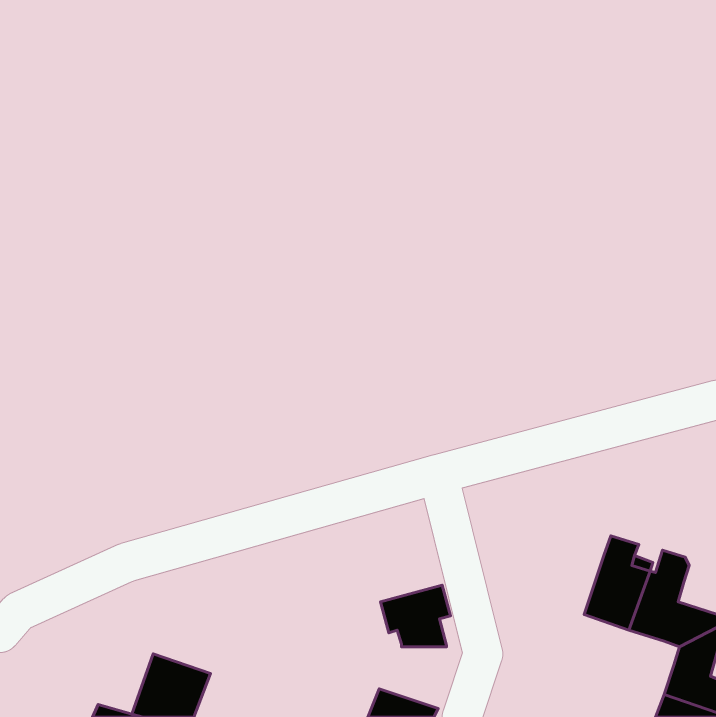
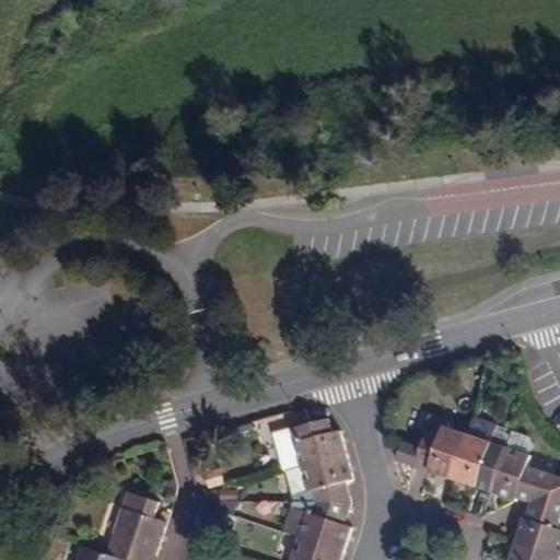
building: none -> [399,413,471,479]
building: none -> [272,418,346,474]
building: none -> [296,504,350,552]

